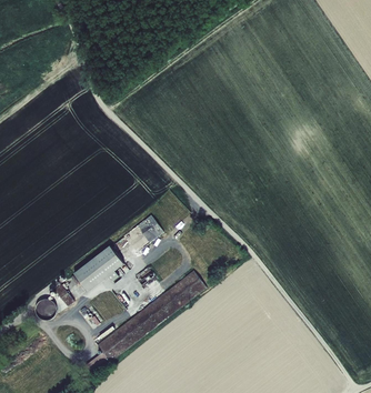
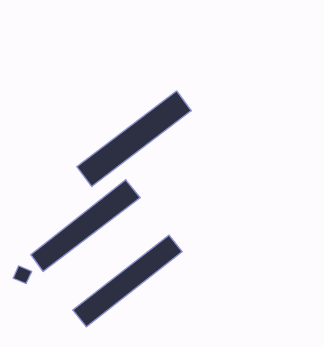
building: none -> [77,91,191,187]

